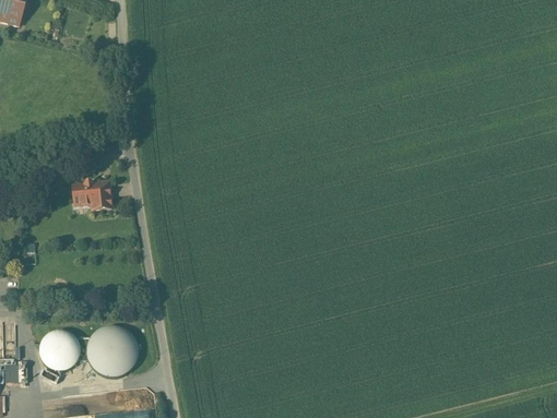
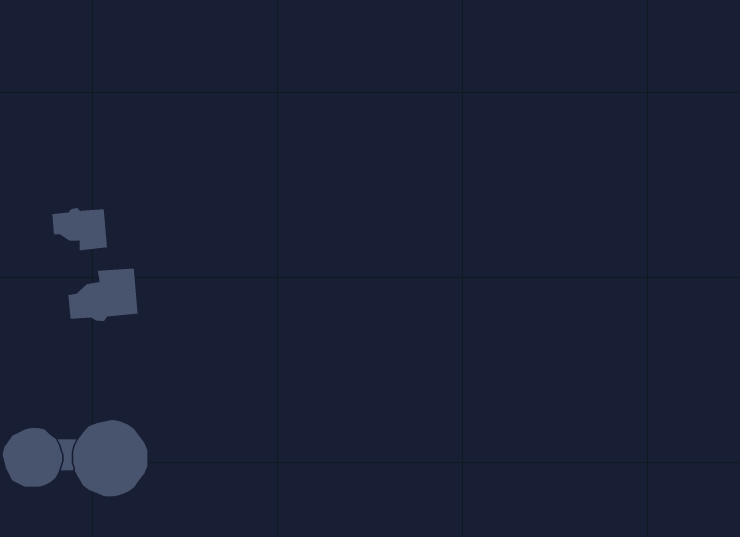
building: none -> [68,268,138,322]

